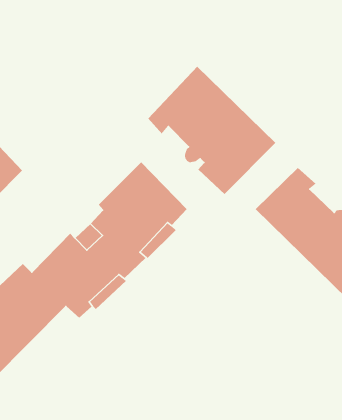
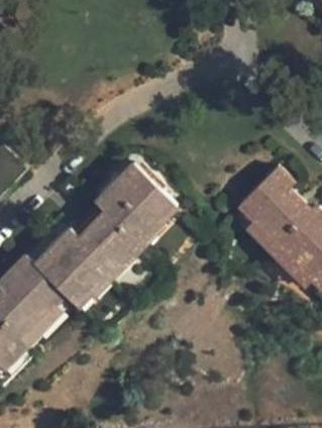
building: [148,66,276,195] -> none

